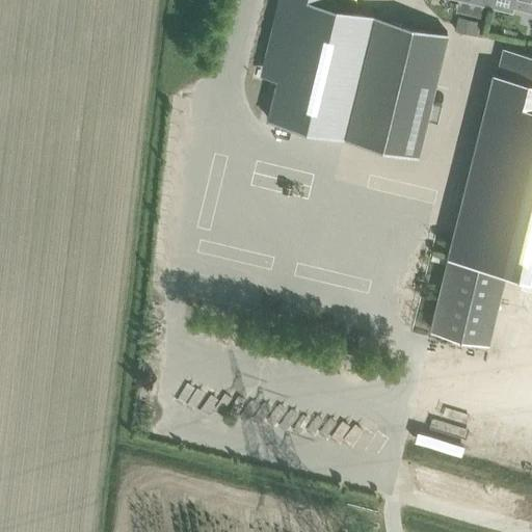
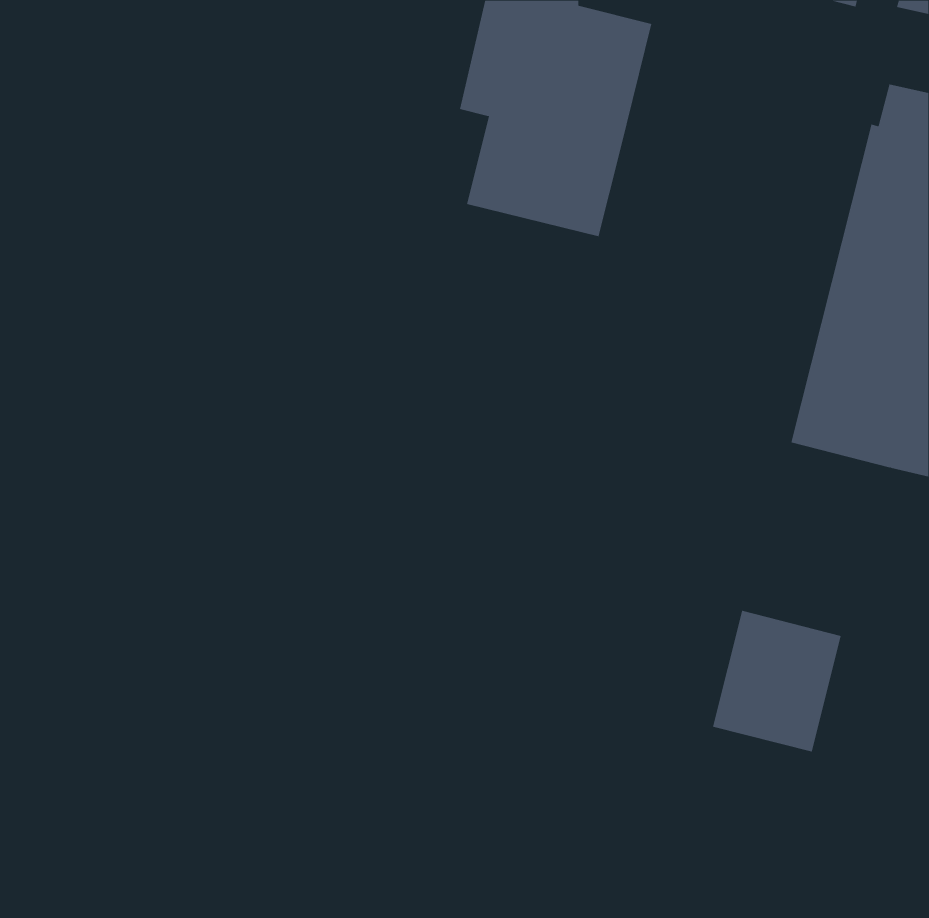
building: [344,22,446,160] -> none
building: [434,260,508,341] -> [712,610,842,752]

